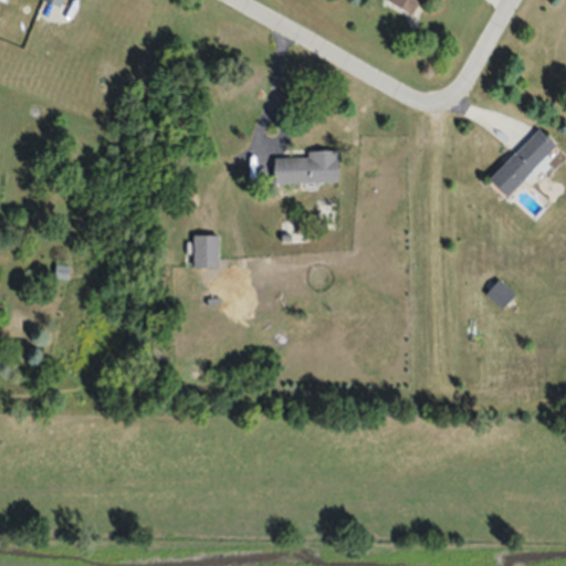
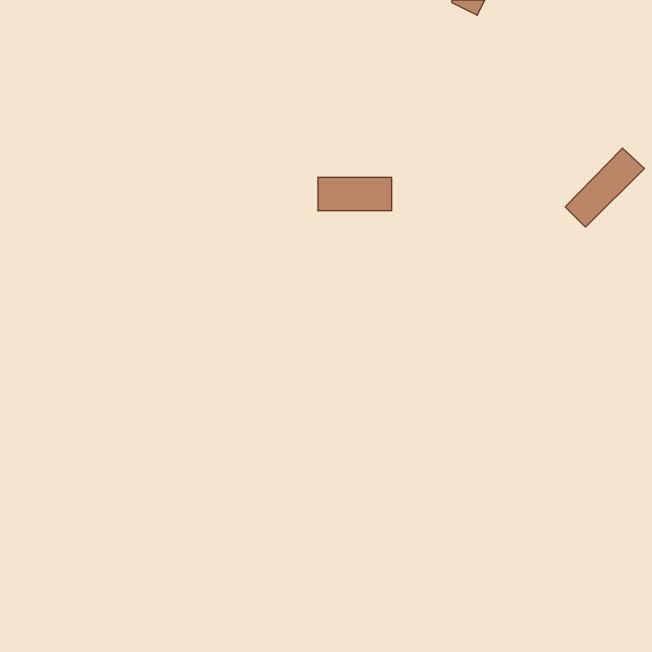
building: [195,234,219,268] -> none
building: [484,277,515,308] -> none

